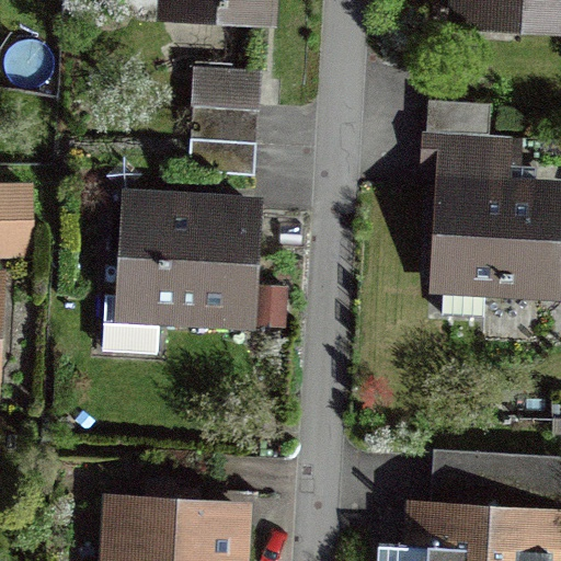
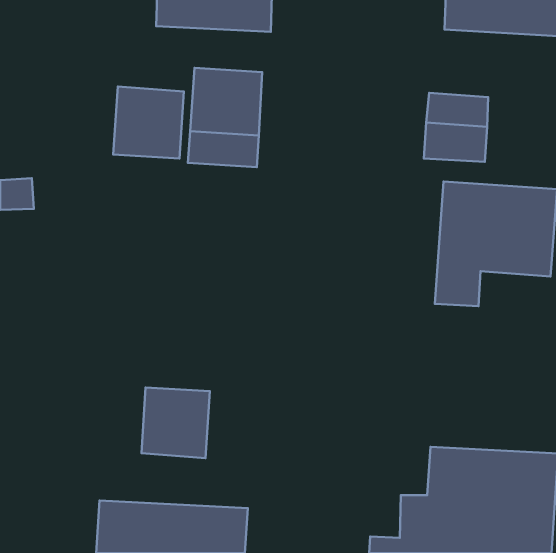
building: none -> [113,86,184,159]
building: [116,196,260,334] -> none
building: none -> [141,387,210,458]

